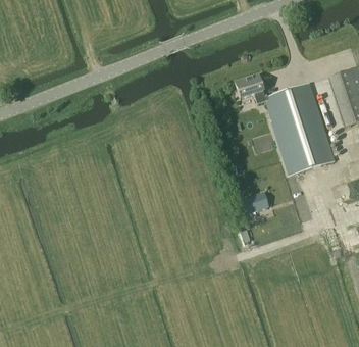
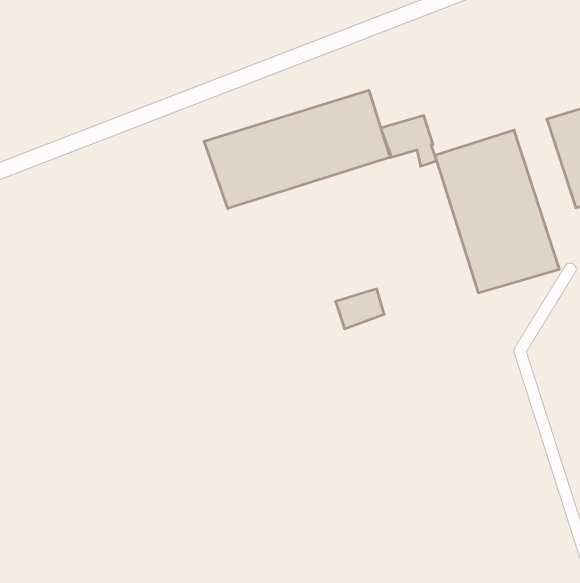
building: none -> [204,90,390,209]
building: [241,191,268,213] -> [335,289,384,329]

